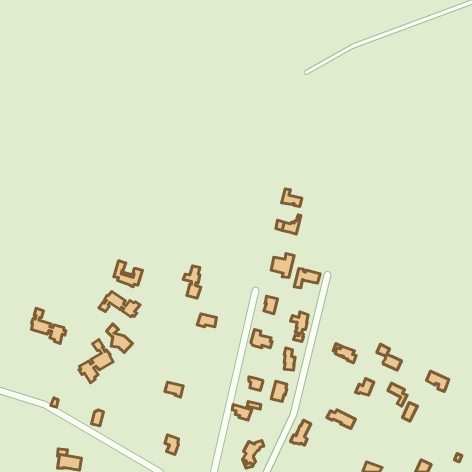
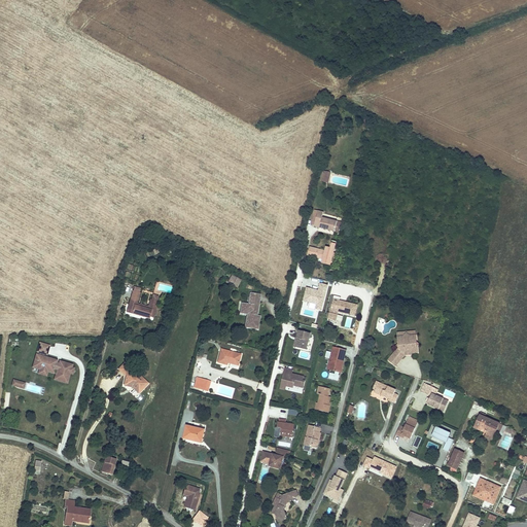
building: [183,266,201,298] -> [243,292,262,328]
building: [99,292,140,317] -> none
building: none -> [389,333,416,364]
building: [79,339,113,383] -> none
building: none -> [472,478,499,503]

